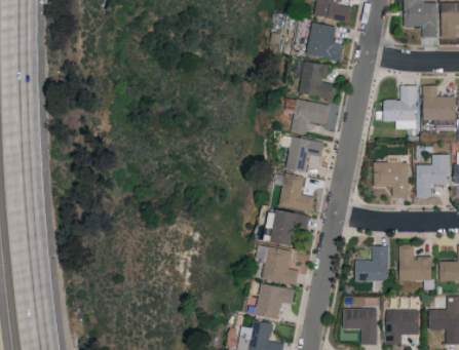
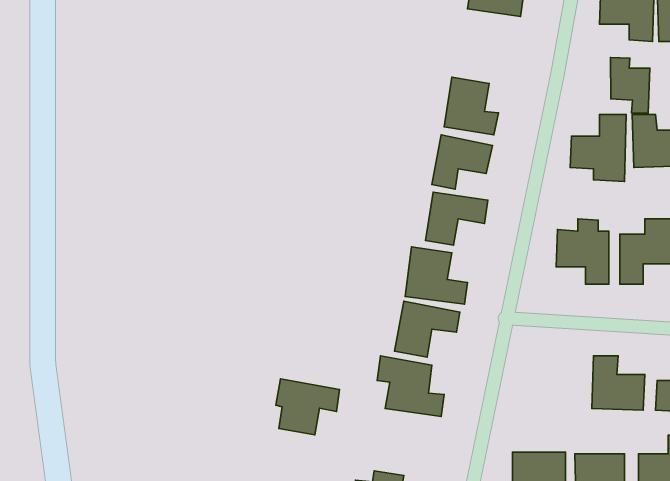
building: [307,23,346,62] -> none
building: none -> [611,57,650,113]
building: [355,246,390,282] -> none
building: [253,283,295,320] -> [276,379,340,435]

